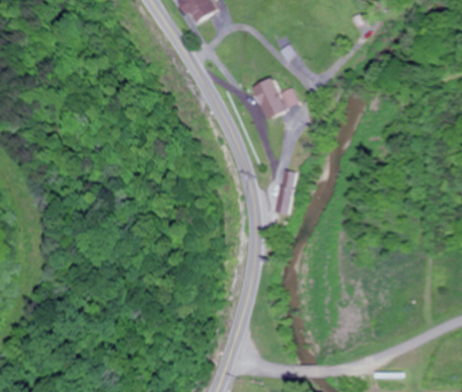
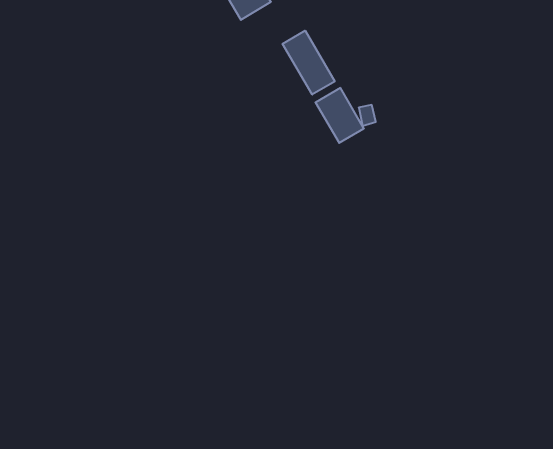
building: none -> [283,31,335,95]

